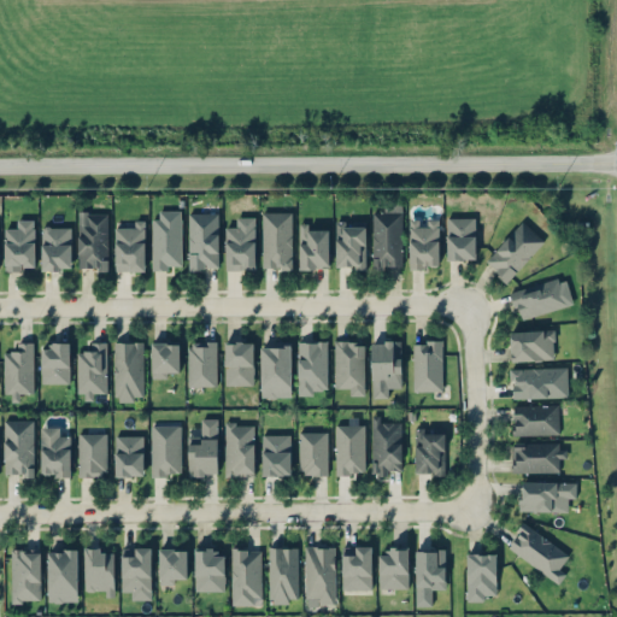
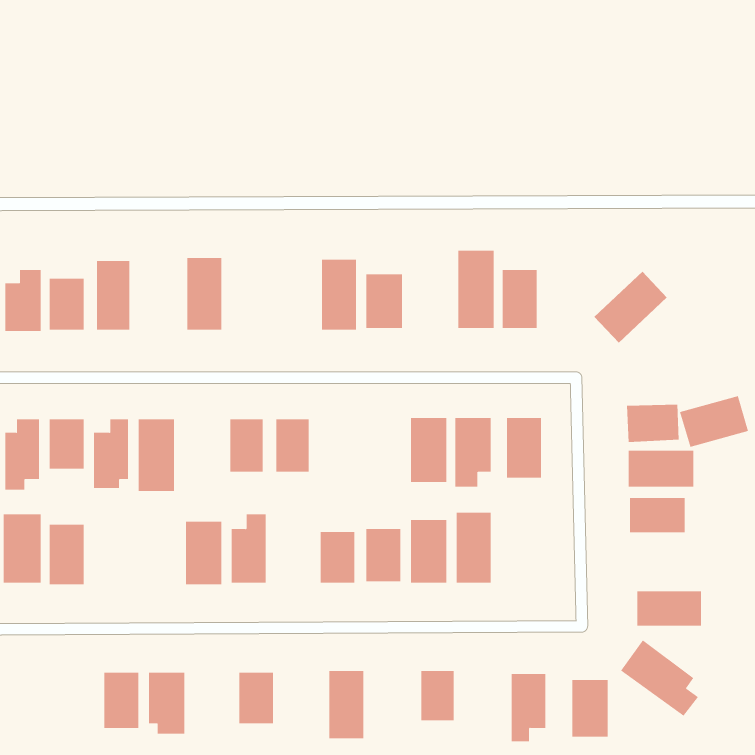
building: [189,213,218,270] -> none
building: [225,217,255,270] -> none
building: [447,218,476,259] -> none
building: [116,222,146,271] -> none
building: [336,222,366,268] -> none
building: [510,278,566,321] -> [679,396,749,447]
building: [152,342,180,377] -> none
building: [298,342,328,394] -> none
building: [262,345,292,396] -> none
building: [225,423,255,476] -> none
building: [416,430,446,475] -> none
building: [80,434,106,477] -> none
building: [116,435,143,476] -> none
building: [513,442,564,472] -> none
building: [305,547,335,603] -> none
building: [378,547,409,588] -> none
building: [11,548,40,603] -> none
building: [47,548,77,601] -> none
building: [159,548,186,583] -> none
building: [233,548,262,605] -> none

